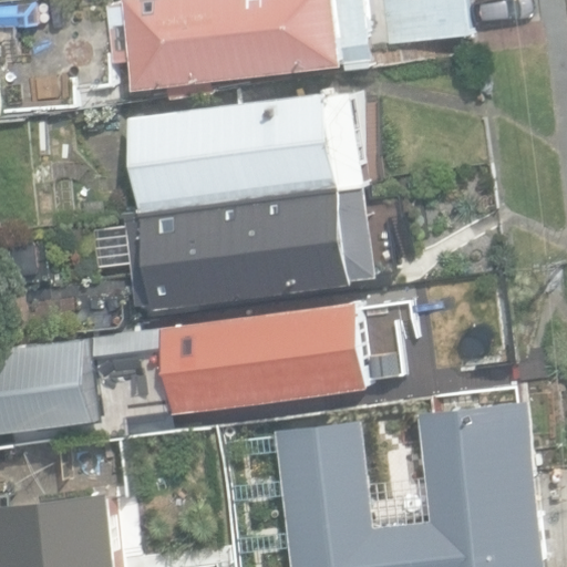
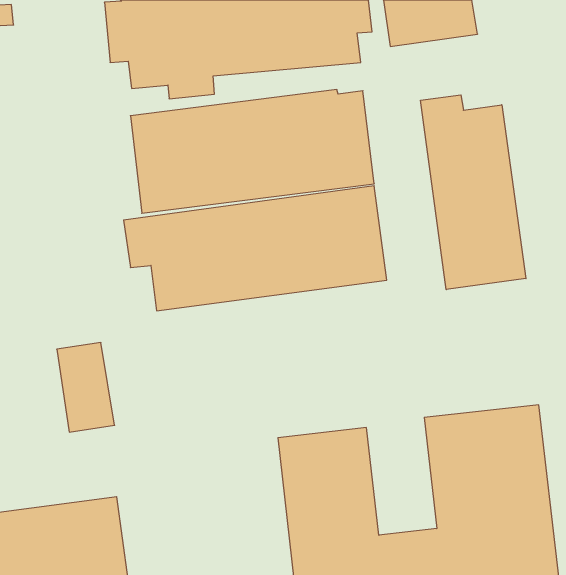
building: none -> [421,95,526,290]
building: [136,300,368,426] -> none

